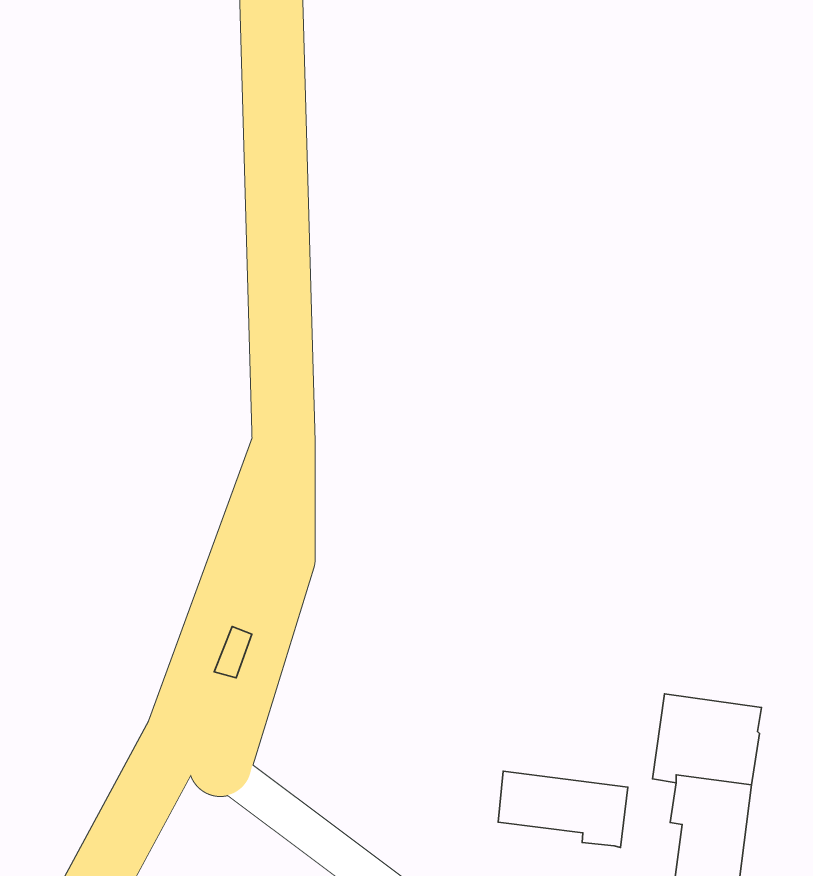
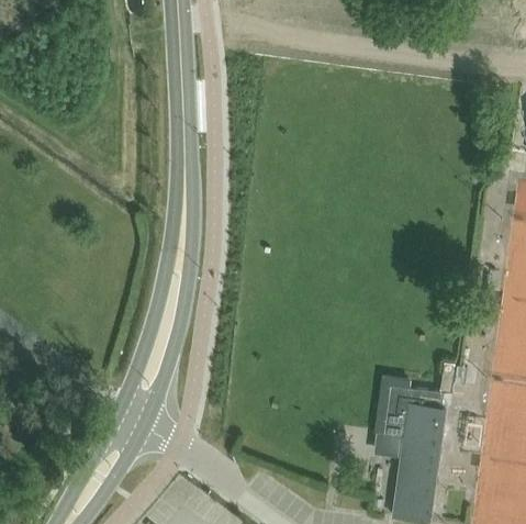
building: [498,771,628,847] -> none

